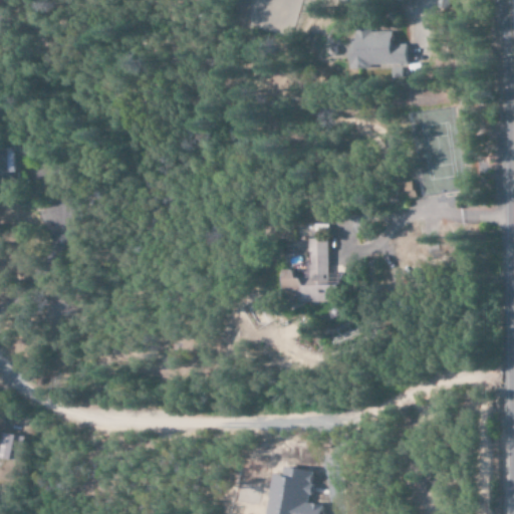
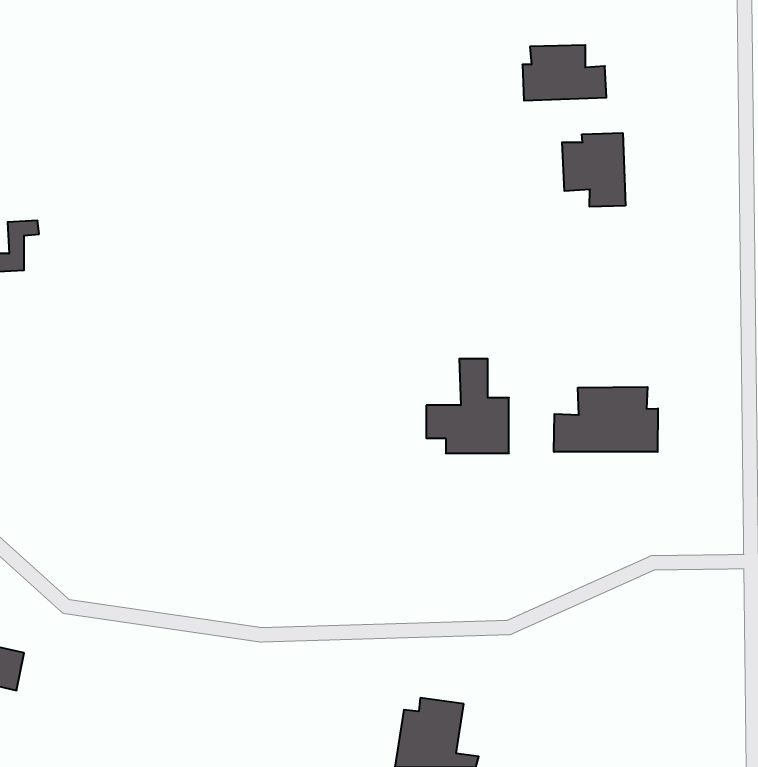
building: none -> [562,133,625,207]
building: none -> [554,387,658,452]

